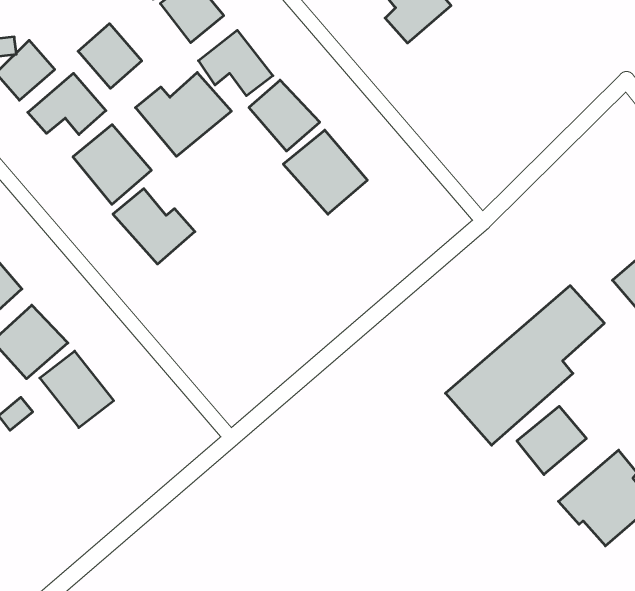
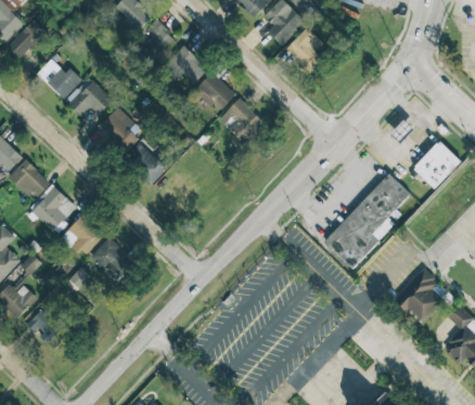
building: none -> [285,27,325,73]
building: [78,24,142,88] -> none
building: [135,72,231,156] -> none
building: [517,406,586,475] -> none

